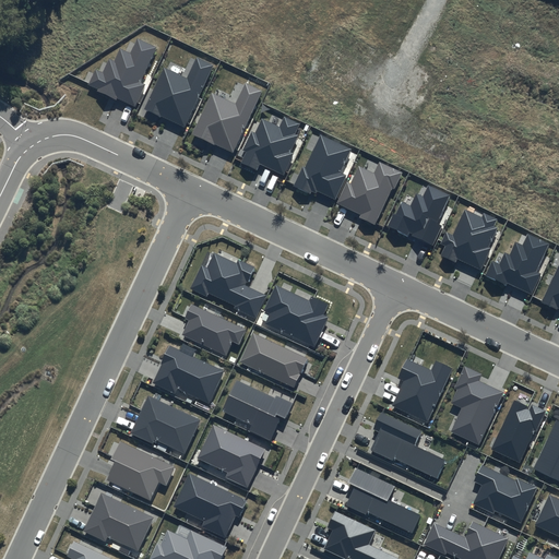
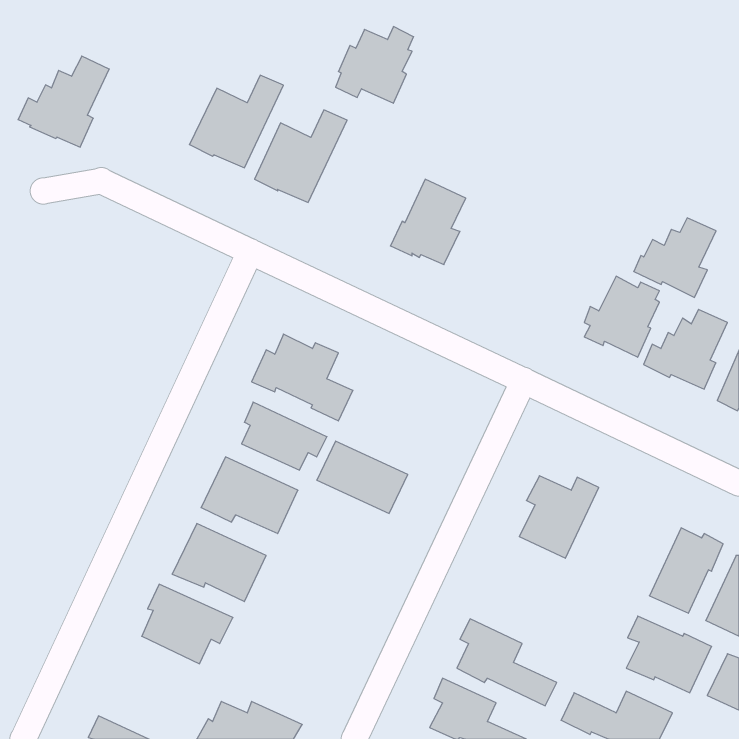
building: [88,37,157,106] -> [18,56,109,147]
building: [240,117,299,175] -> [336,27,414,103]
building: [336,162,403,225] -> none
building: [388,186,450,246] -> [634,218,716,297]
building: [264,285,329,347] -> none
building: [451,366,503,445] -> none
building: [223,380,294,440] -> none
building: [370,413,447,478] -> none
building: [198,425,266,488] -> none
building: [173,473,248,538] -> none
building: [83,492,154,550] -> none

